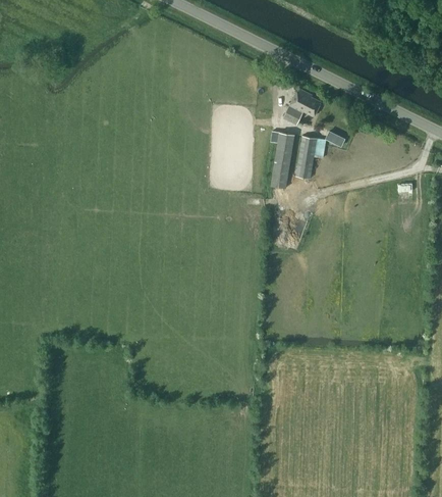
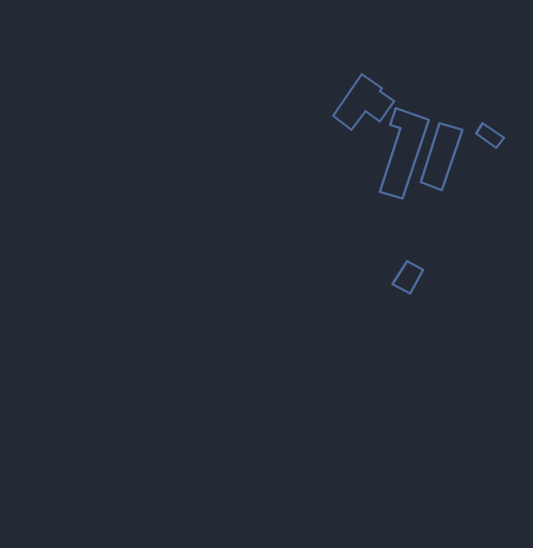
building: [283,88,321,125] -> [333,74,394,130]

